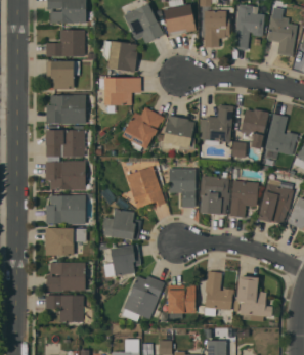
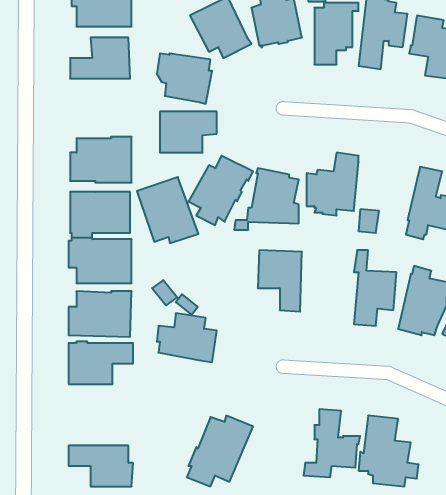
building: [46,59,79,89] -> none
building: [241,108,268,148] -> none
building: [200,165,230,215] -> none
building: [126,166,166,209] -> [137,177,198,243]
building: [103,243,141,276] -> none
building: [46,262,85,292] -> none
building: [168,284,196,313] -> none

